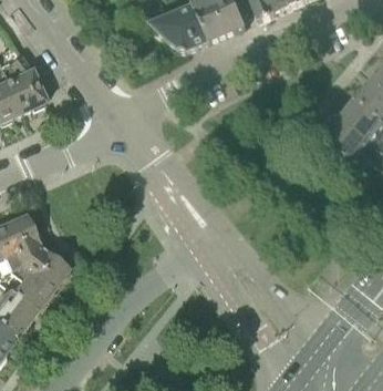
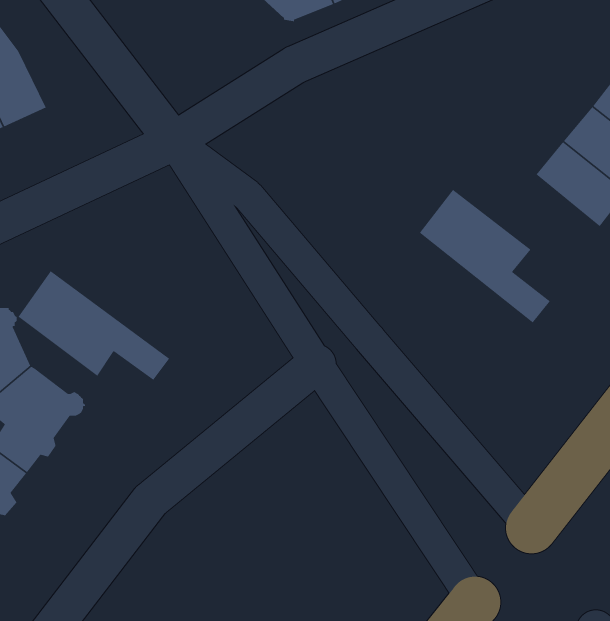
building: none -> [419,189,551,324]
building: none -> [17,270,170,381]

